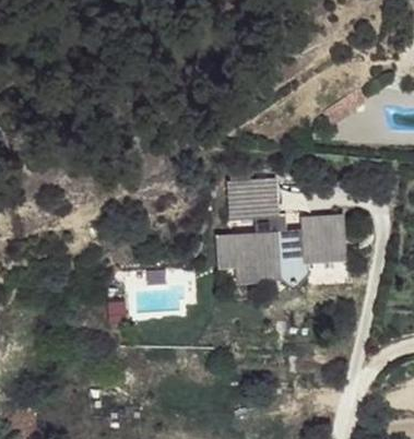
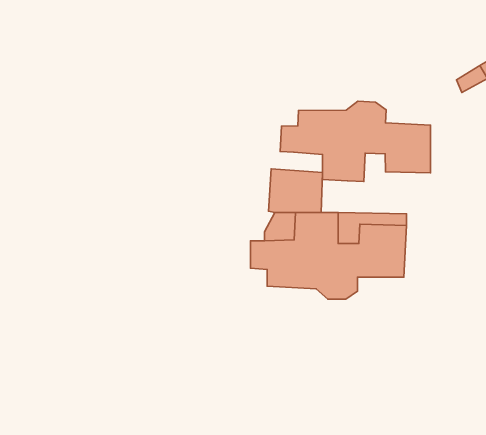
building: none -> [280,101,431,182]

